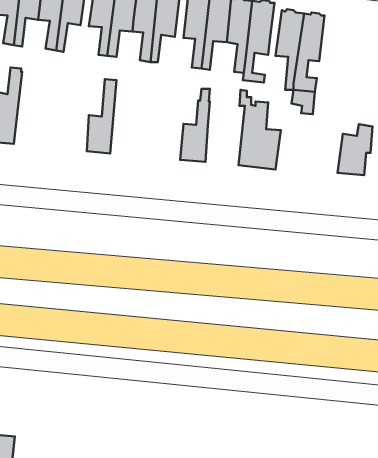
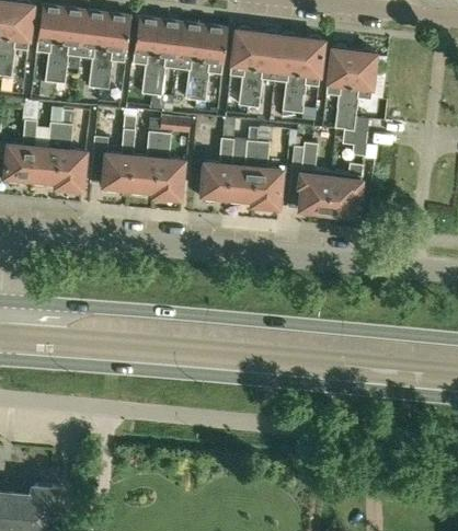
building: none -> [55,111,84,188]
building: none -> [154,115,191,197]
building: none -> [201,118,233,201]
building: none -> [90,128,135,193]
building: none -> [253,141,282,206]
building: [338,124,373,175] -> [325,161,362,213]

